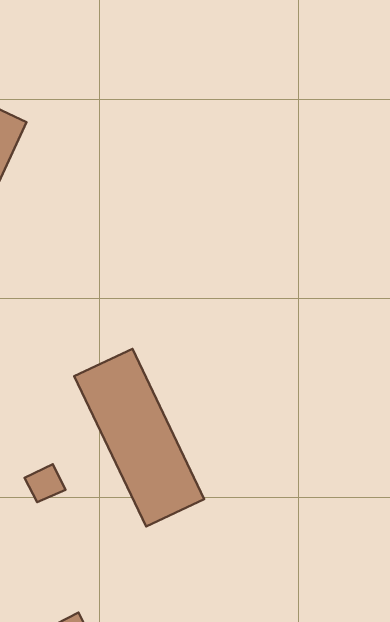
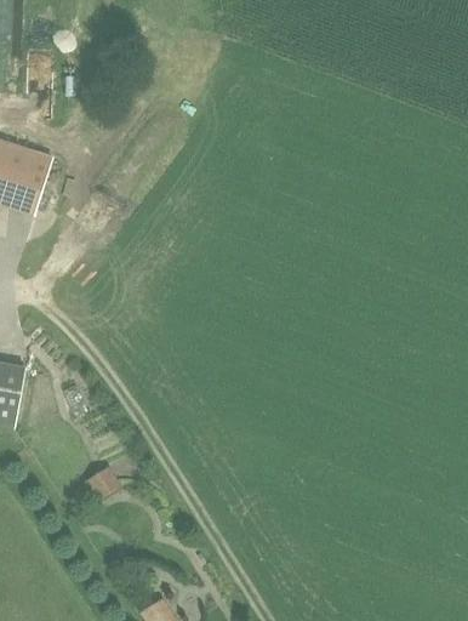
building: [74,349,204,526] -> none

